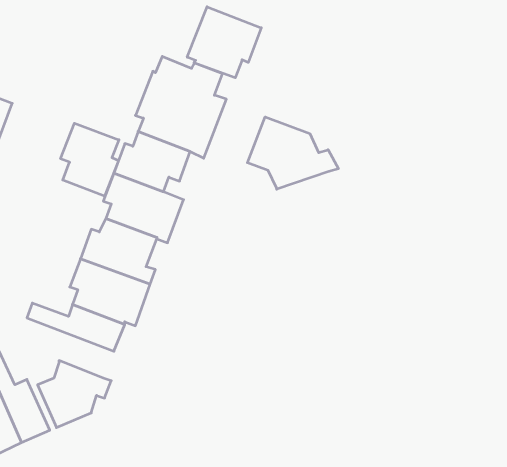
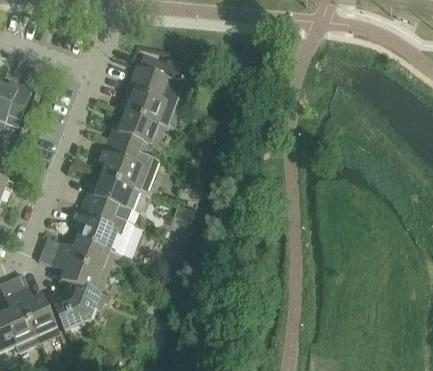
building: [187,7,261,78] -> none
building: [247,117,338,189] -> none
building: [61,123,119,196] -> none
building: none -> [38,248,107,293]

